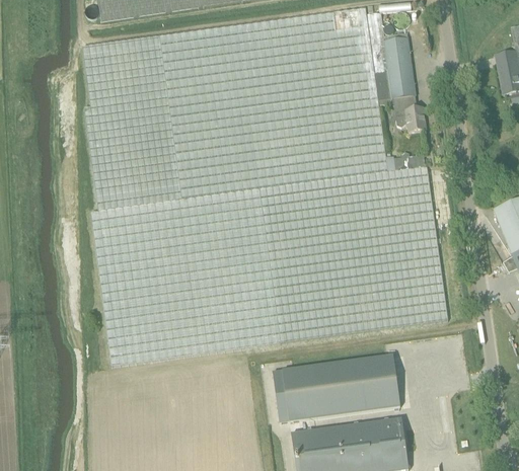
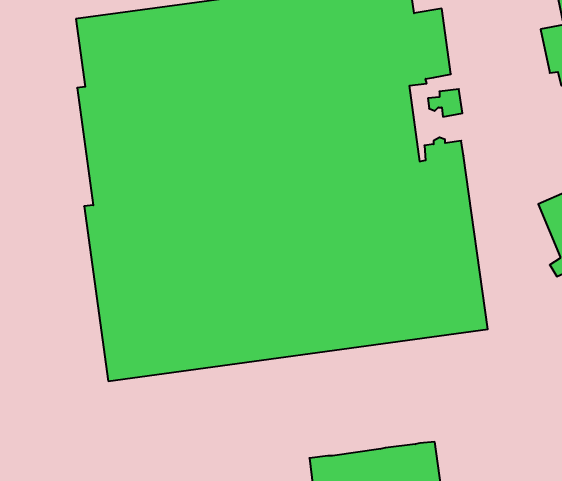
building: [272,354,398,421] -> none

